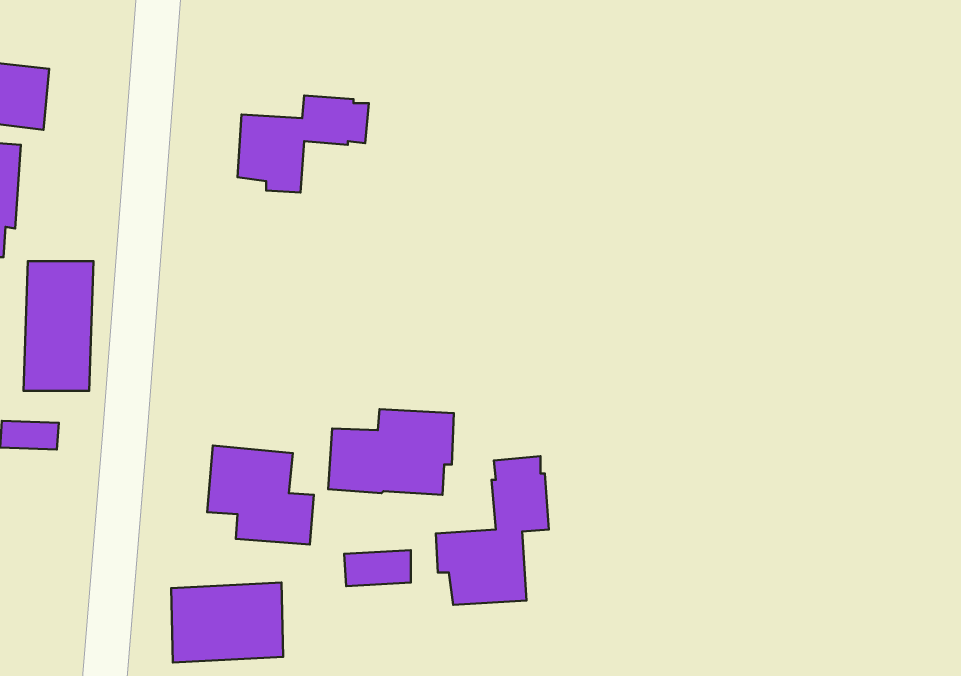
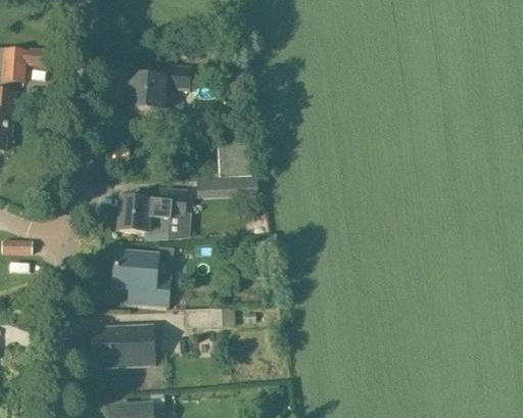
building: [23,261,93,391] -> none
building: [328,409,454,495] -> [118,187,186,233]
building: [436,456,549,605] -> none

